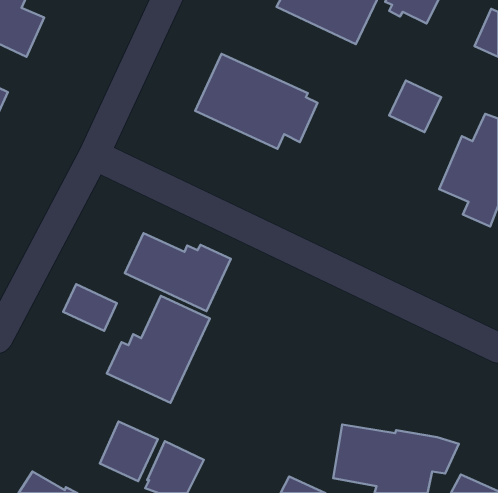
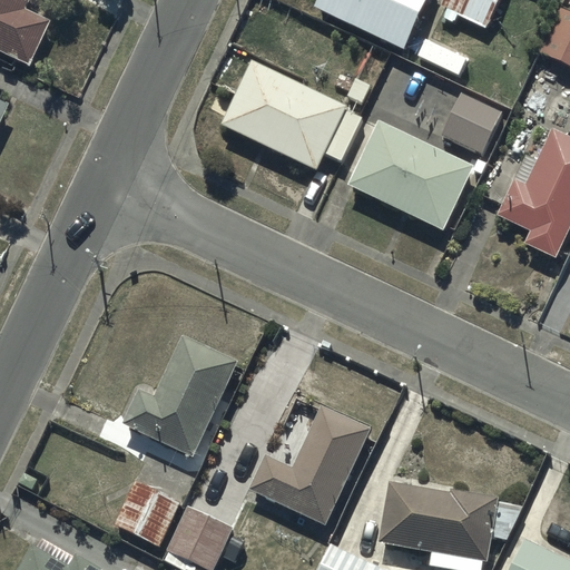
building: none -> [350,122,473,228]
building: [125,233,231,311] -> none
building: [63,284,117,331] -> none
building: none -> [248,404,370,525]

